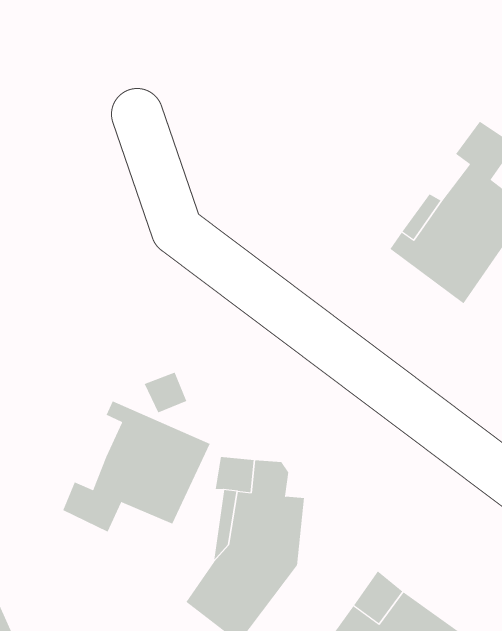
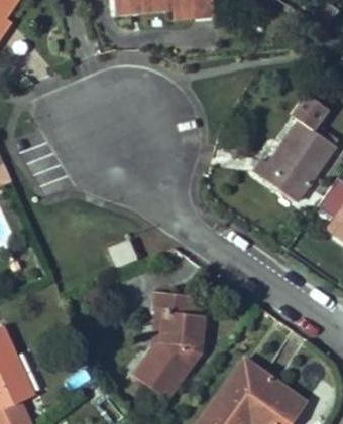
building: [63,400,211,533] -> none

